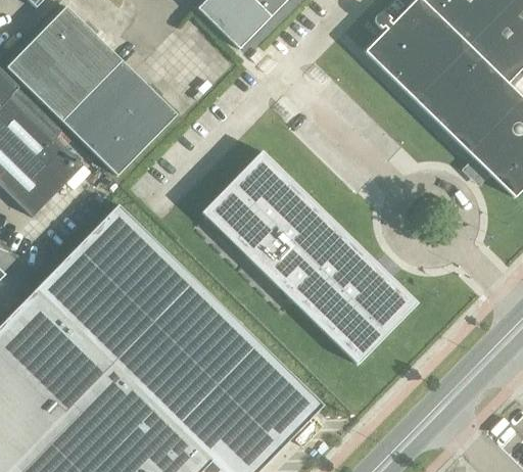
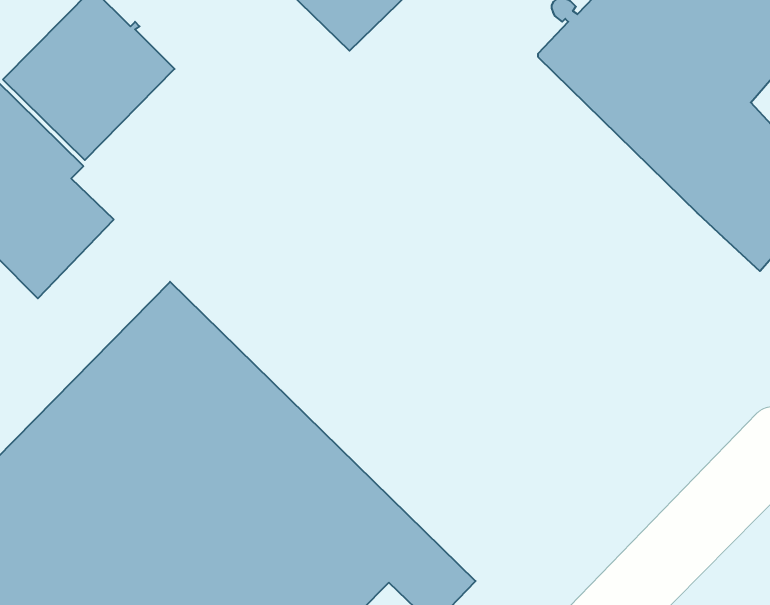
building: [60,62,177,178] -> none
building: [206,157,412,361] -> none

